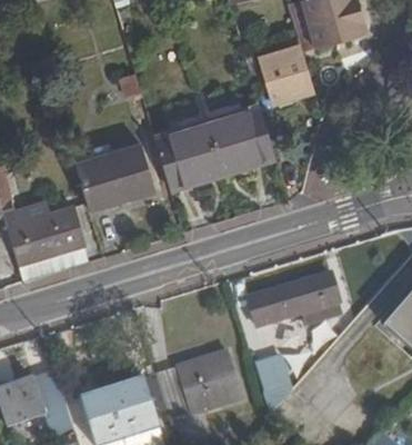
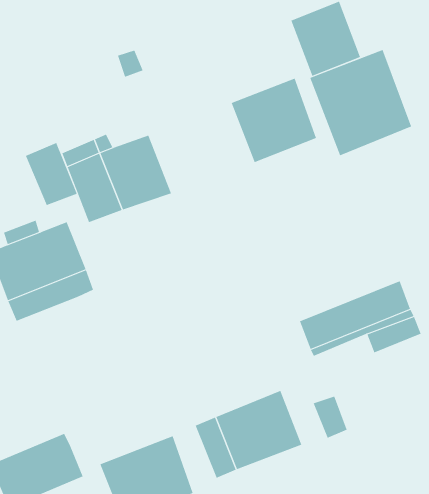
building: none -> [310,49,412,156]
building: [157,121,223,186] -> none
building: none -> [25,142,77,206]

